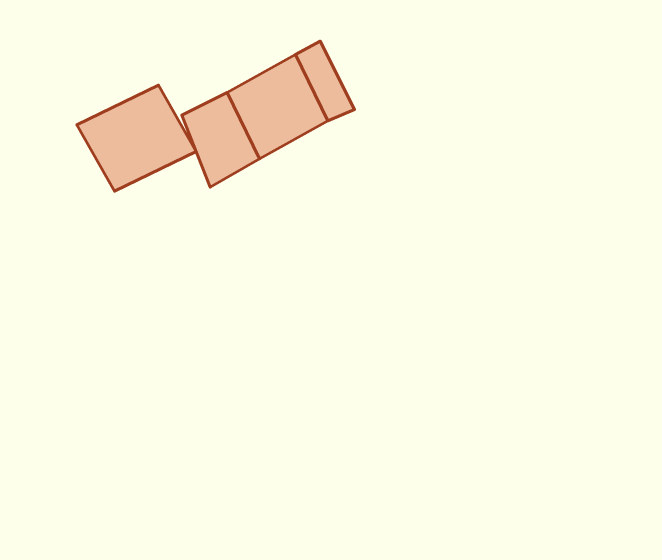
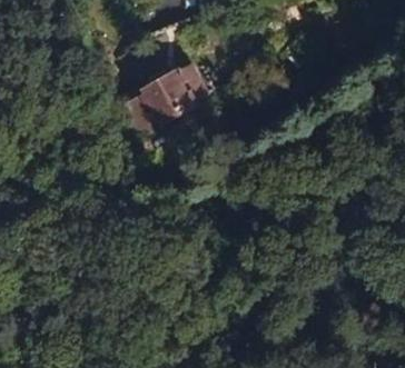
building: [77,85,196,191] -> none

